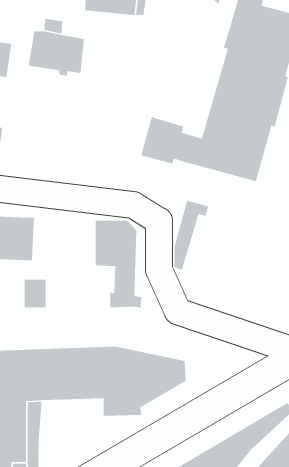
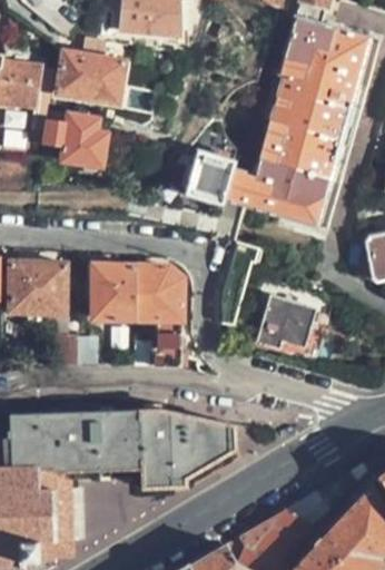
building: none -> [42,114,105,168]
building: none -> [91,266,134,320]
building: none -> [255,293,317,352]

